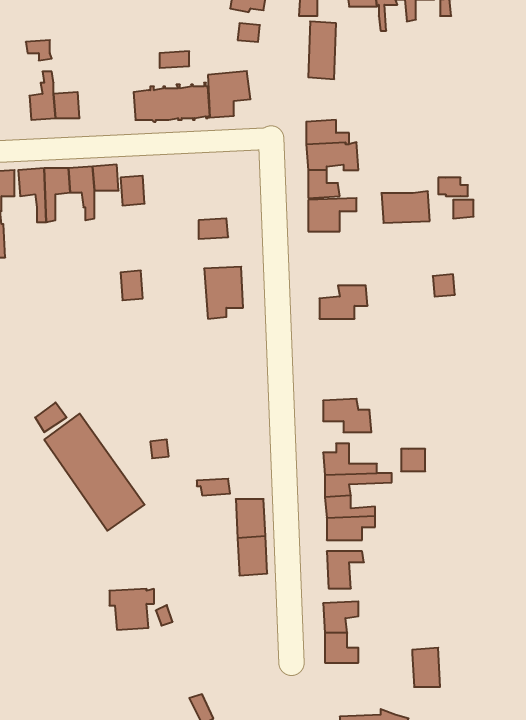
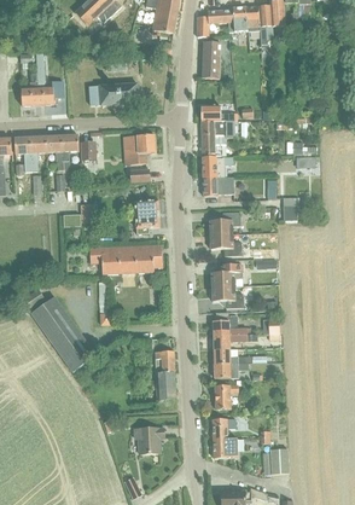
building: [208,71,251,118] -> [128,134,156,164]
building: [381,191,430,223] -> [202,176,233,197]
building: none -> [209,234,240,256]
building: none -> [89,245,162,274]
building: none -> [210,265,241,288]
building: [109,589,154,630] -> [134,428,163,454]

